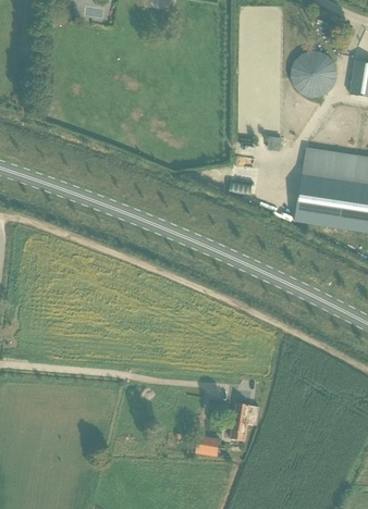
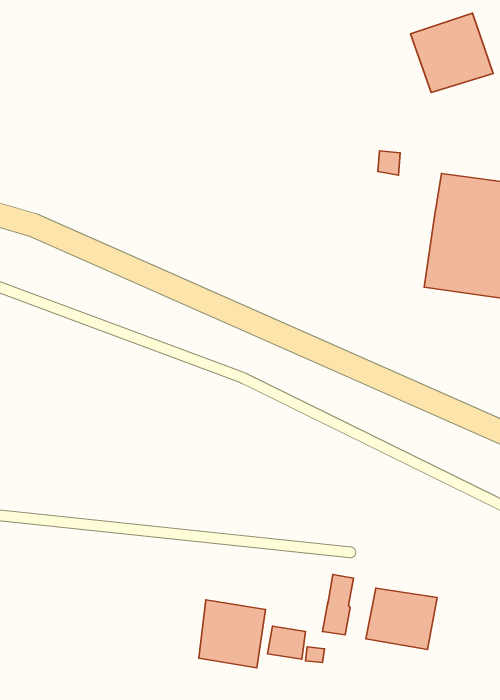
building: none -> [366,588,437,650]
building: none -> [199,600,266,668]

